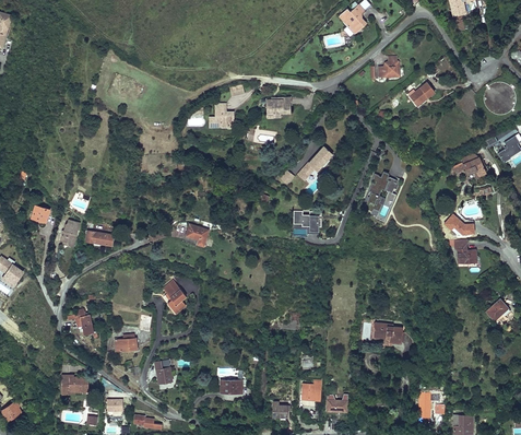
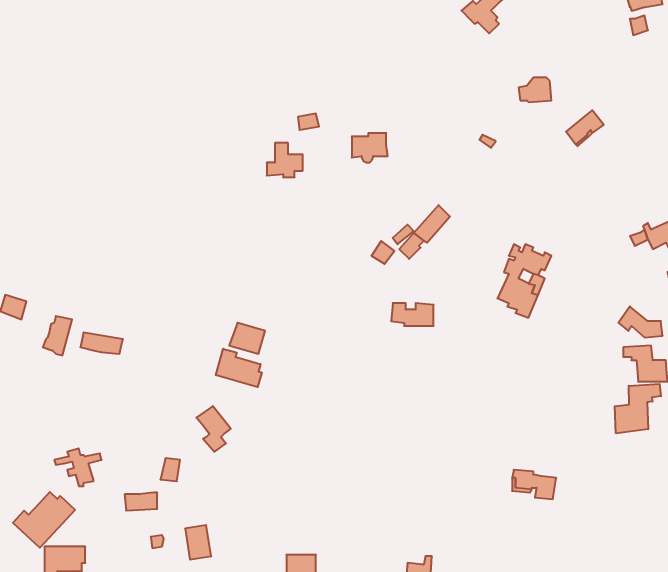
building: none -> [216,349,262,387]
building: none -> [615,384,661,433]
building: none -> [13,492,75,548]

